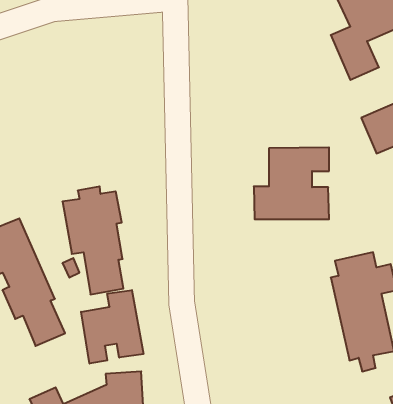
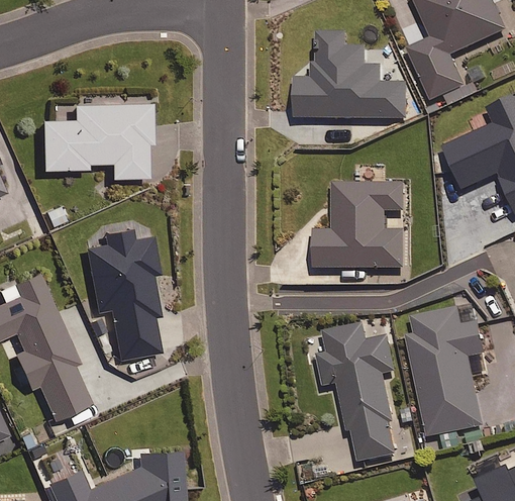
building: none -> [296,32,405,118]
building: none -> [41,103,152,178]
building: none -> [319,325,395,462]
building: [81,290,143,364] -> none

